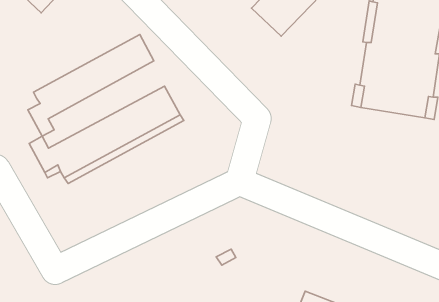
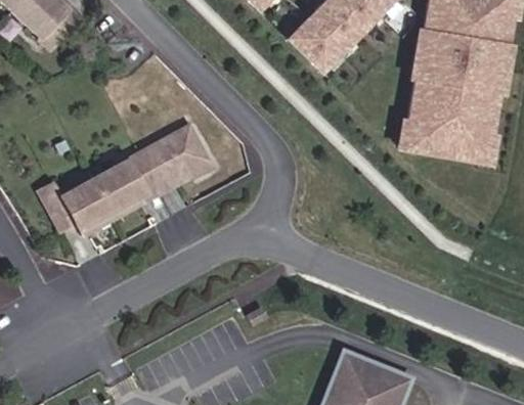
building: [28,34,154,136] -> none

